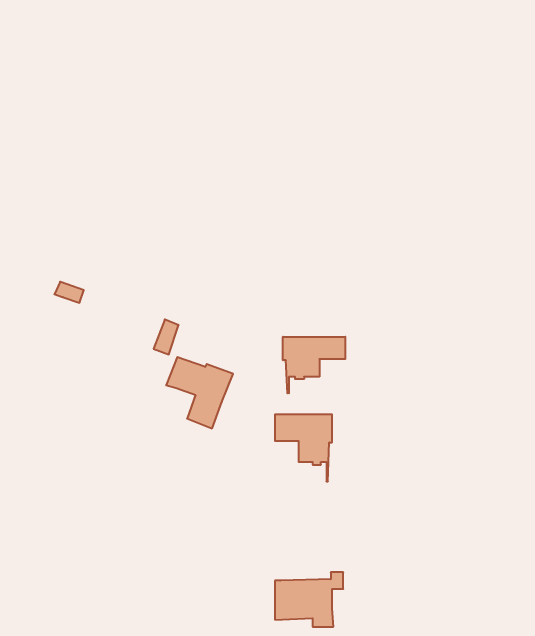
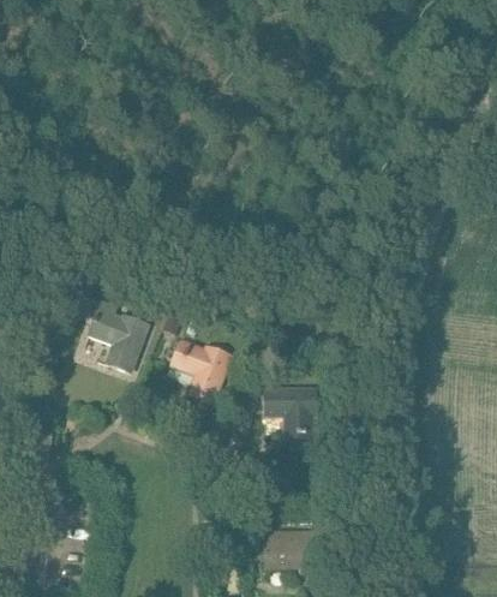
building: none -> [89,299,146,371]
building: [283,337,345,393] -> none

